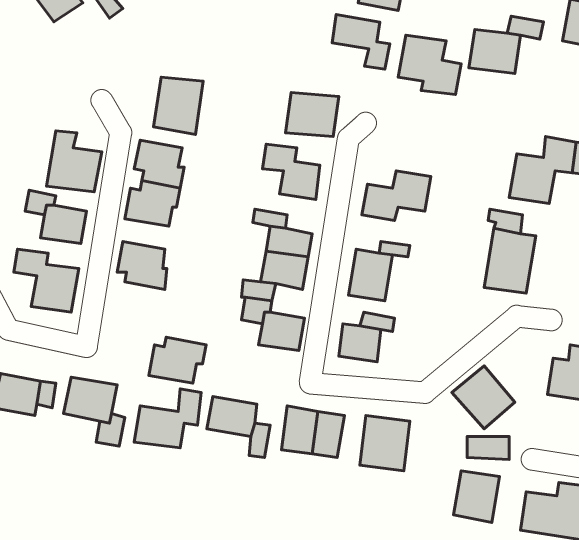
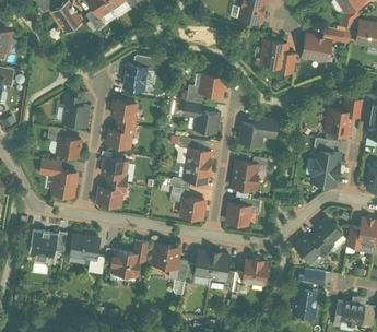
building: [332,14,390,69] -> none
building: [149,337,206,383] -> [95,180,128,206]
building: none -> [310,214,344,249]

